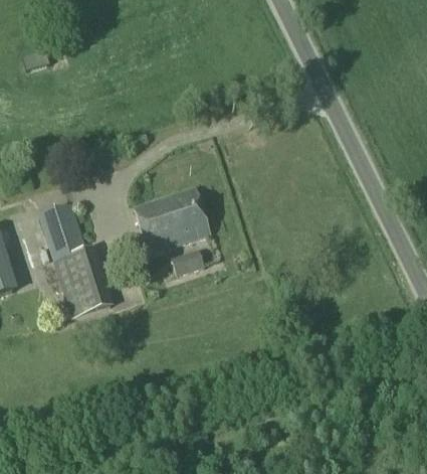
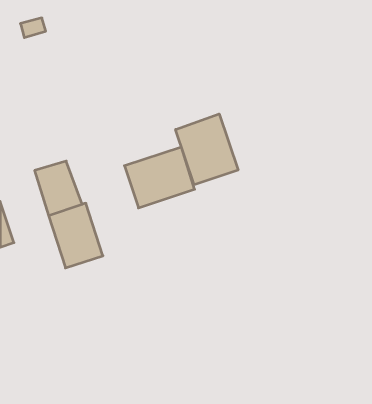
building: none -> [176,114,238,185]
building: [171,249,204,275] -> none

